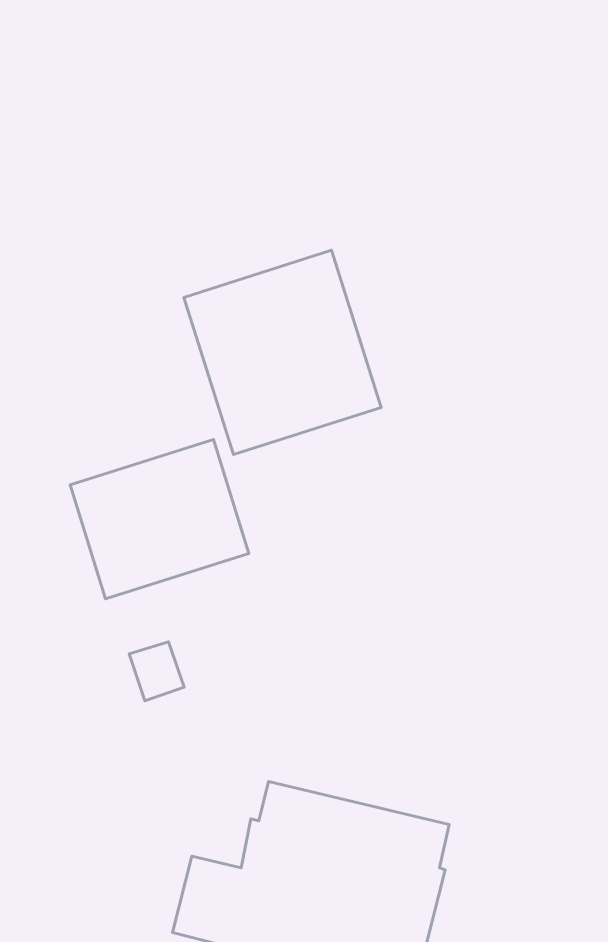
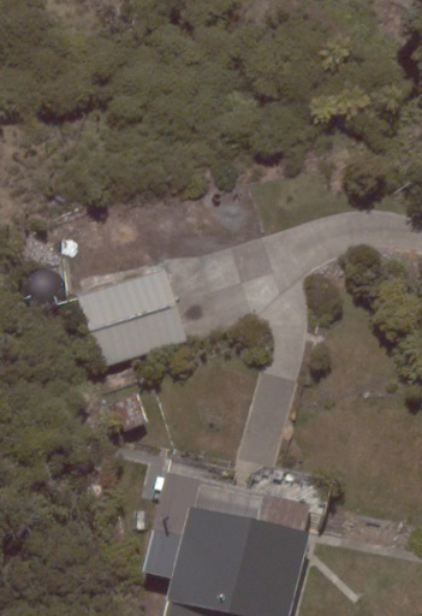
building: [184,250,381,455] -> none

